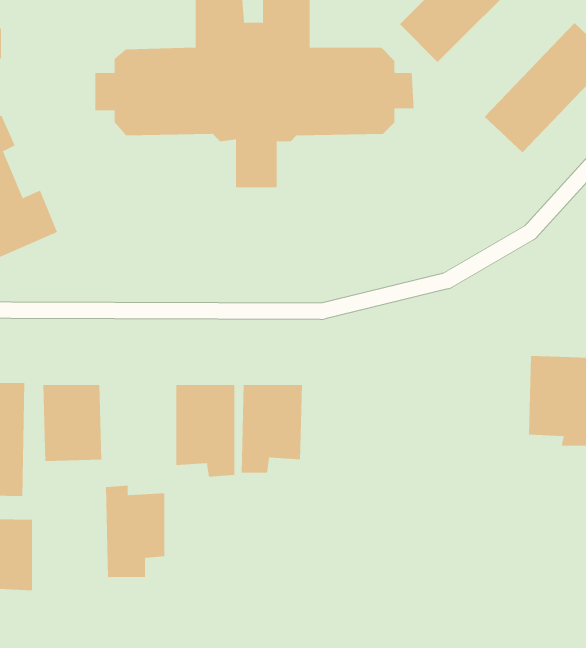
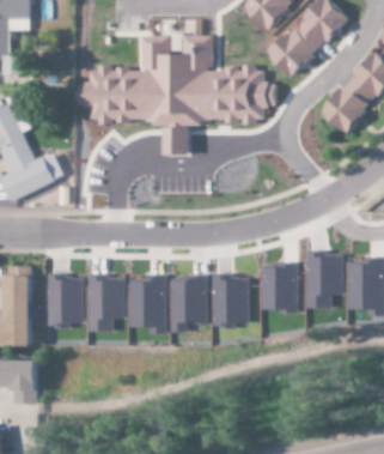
building: none -> [305,253,343,309]
building: none -> [261,265,298,311]
building: none -> [211,274,249,325]
building: [105,485,165,578] -> [86,274,123,332]

